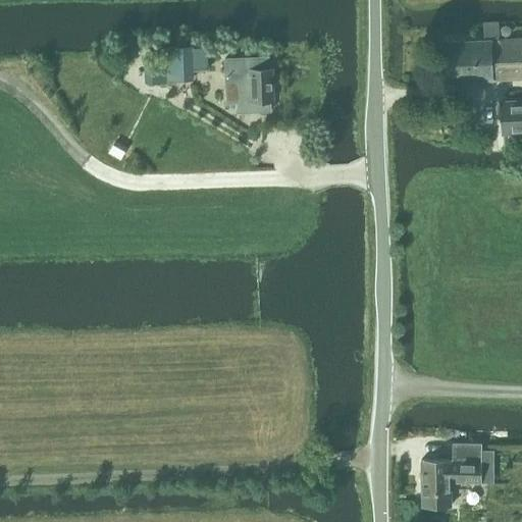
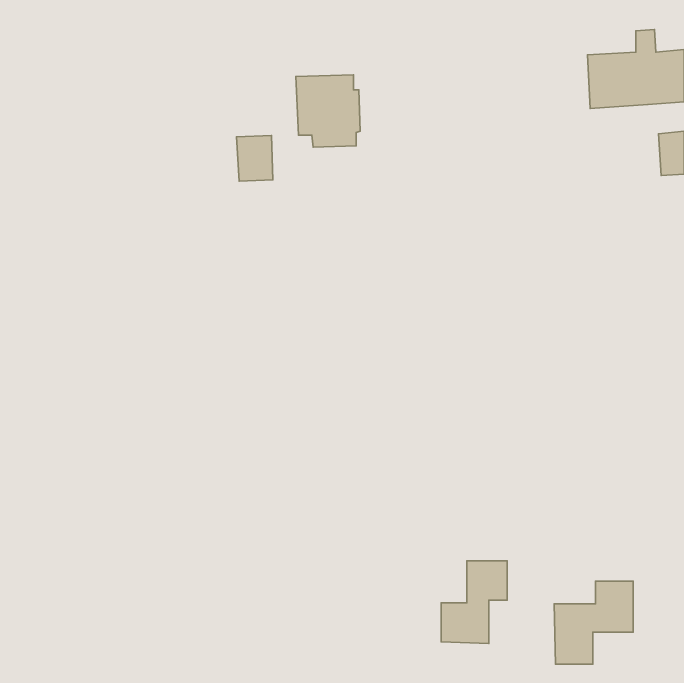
building: [166,46,194,81] -> [237,136,273,181]
building: none -> [441,561,507,643]

